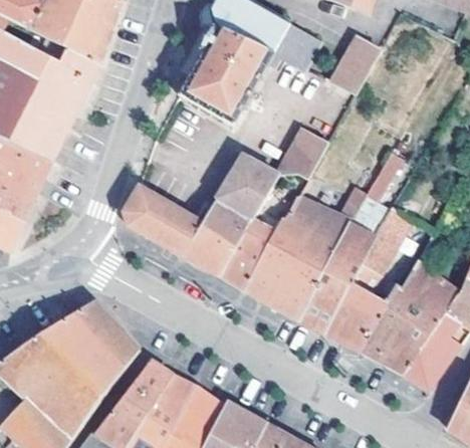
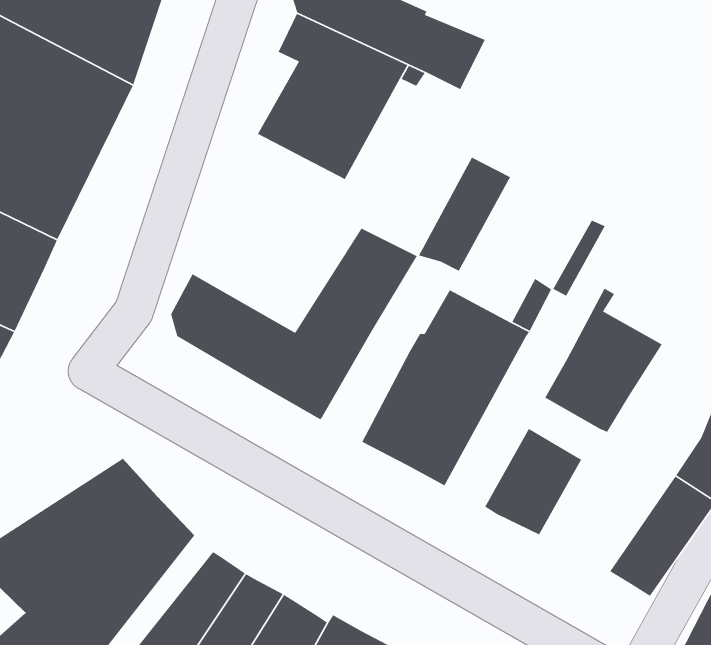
building: [332,33,382,91] -> none
building: [220,221,274,291] -> none
building: [297,224,375,332] -> none
building: [358,262,460,374] -> none

